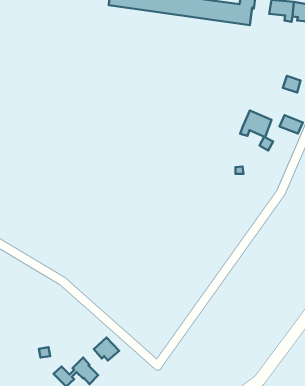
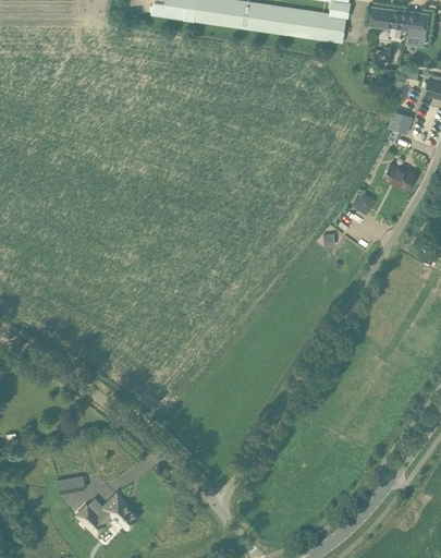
building: [240,110,271,137] -> none
building: [94,338,119,360] -> none

